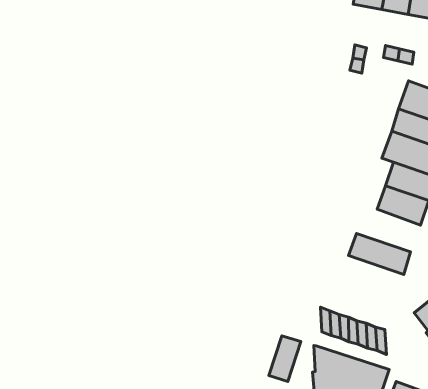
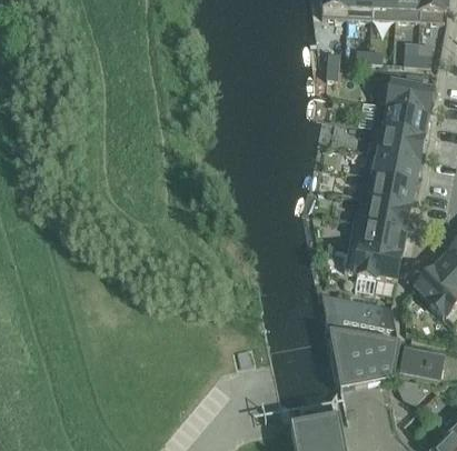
building: none -> [354,196,410,231]
building: none -> [345,242,401,279]
building: [269,336,301,381] -> none

